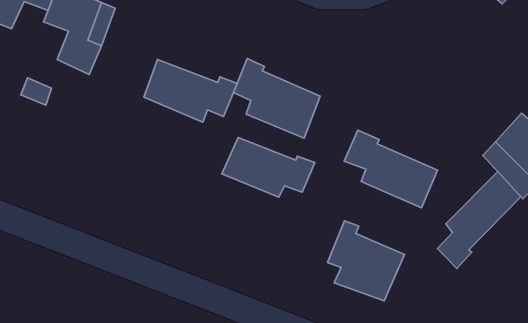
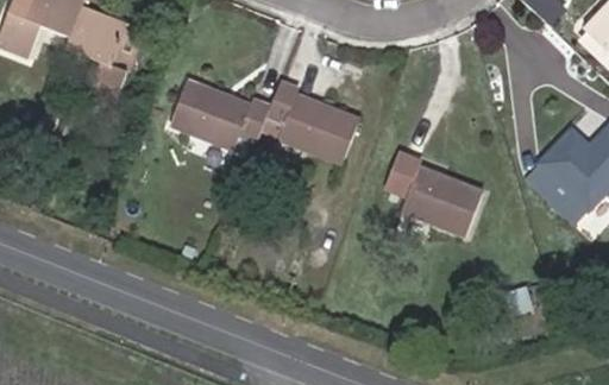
building: [222,137,315,197] -> none
building: [437,172,521,268] -> none
building: [328,221,405,301] -> none

